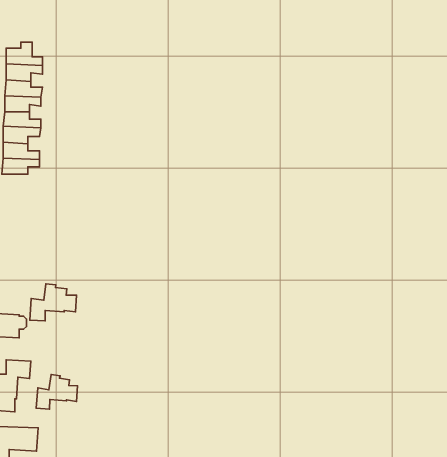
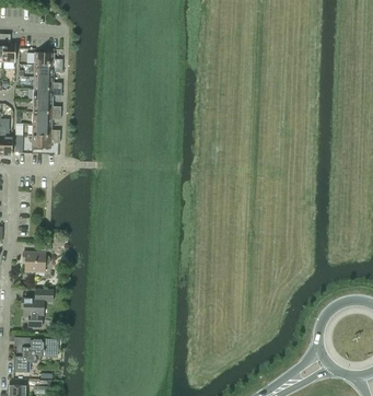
building: [30,284,76,321] -> none
building: [36,374,78,409] -> none

